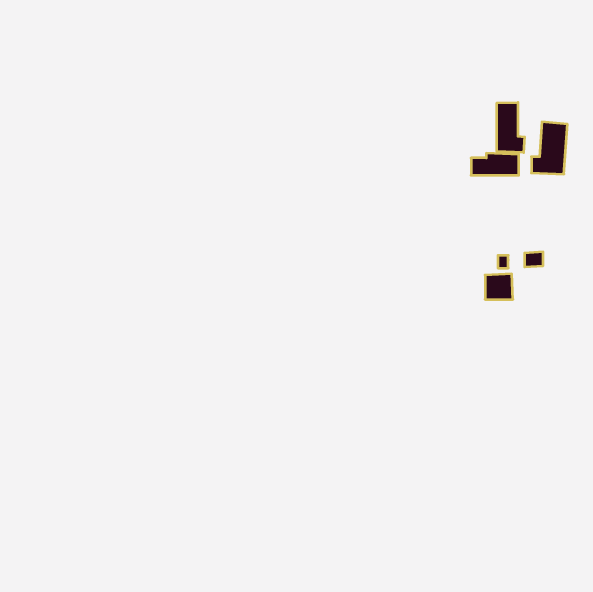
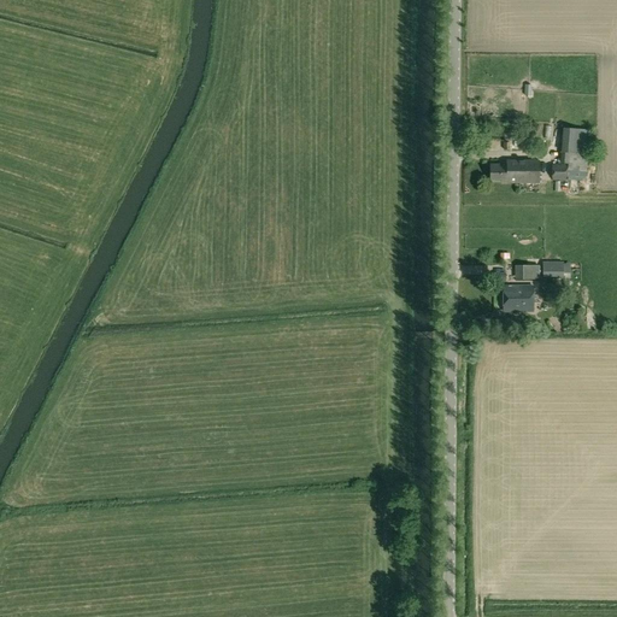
building: [497,102,525,153] -> none

